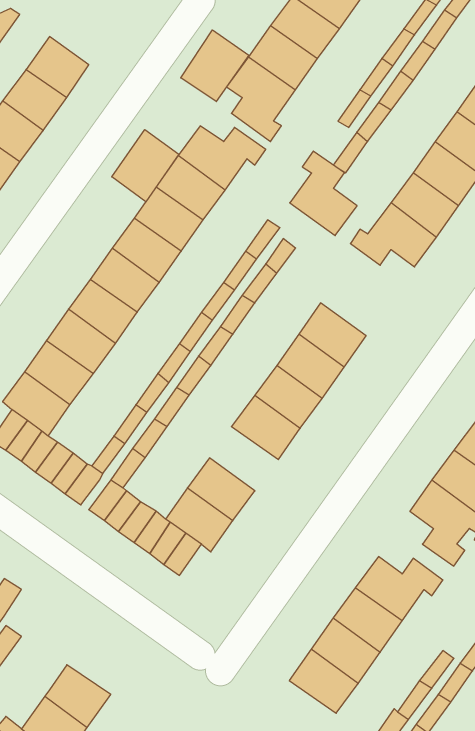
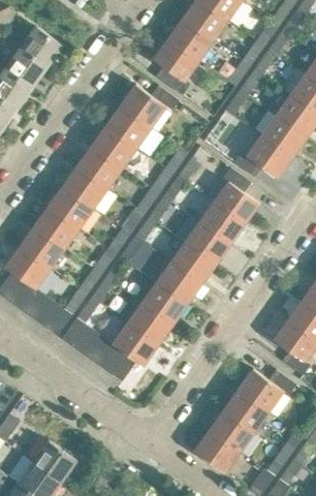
building: [181,30,249,102] -> none
building: [112,130,179,202] -> none
building: [290,151,357,236] -> [214,168,258,224]
building: none -> [140,284,186,327]

